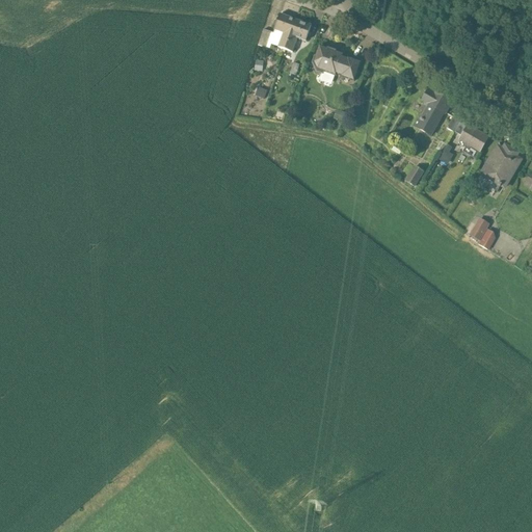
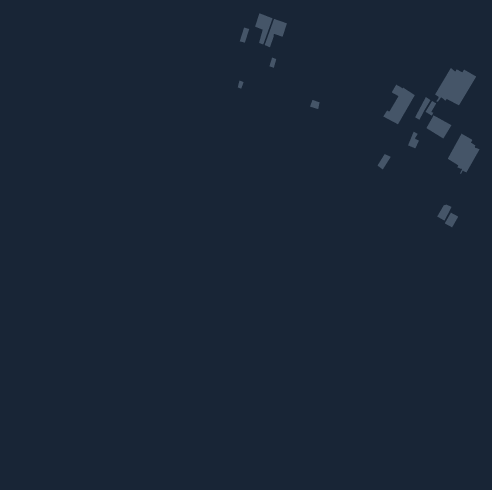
building: [314,46,360,80] -> none
building: none -> [434,67,477,106]

